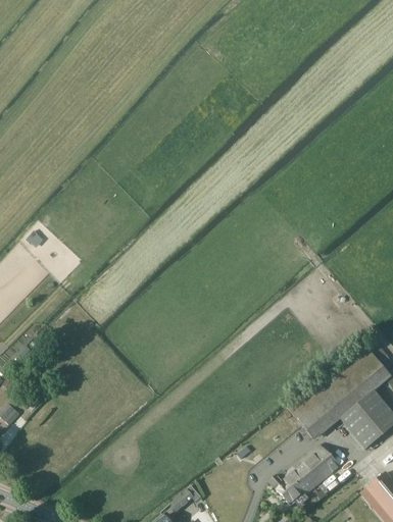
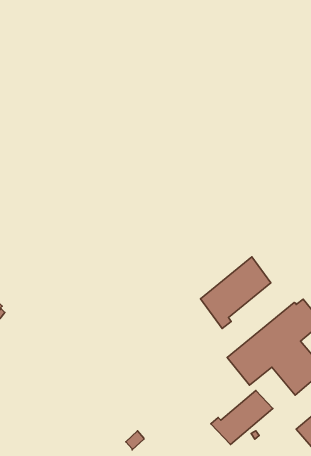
building: none -> [201,257,271,329]

